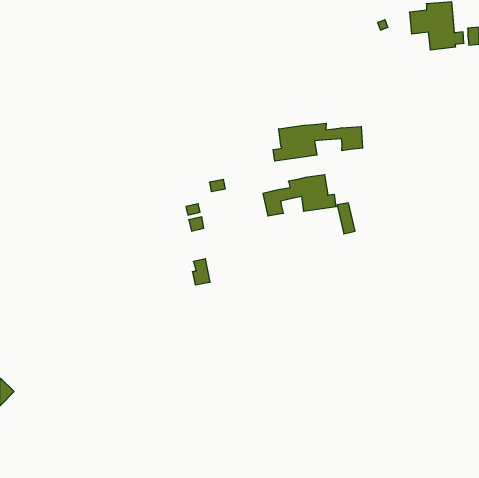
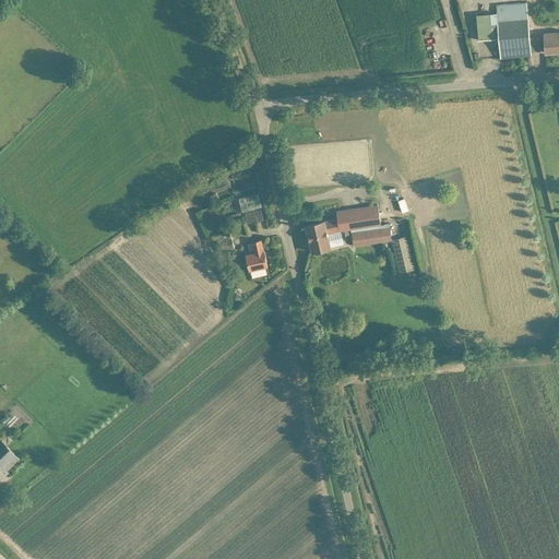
building: [273,123,362,161] -> none
building: [192,259,210,285] -> [246,241,266,272]

